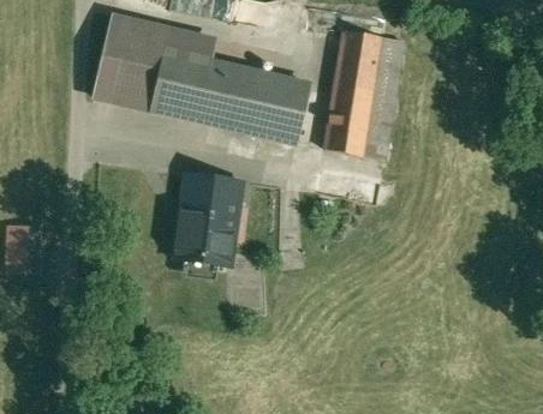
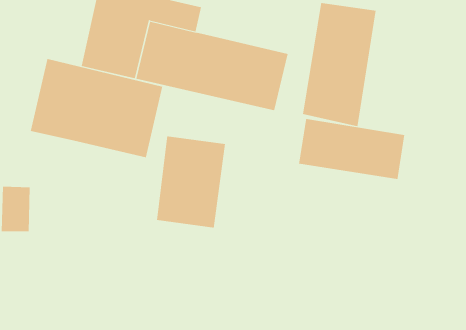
building: none -> [30,58,163,158]
building: none -> [299,118,405,180]

